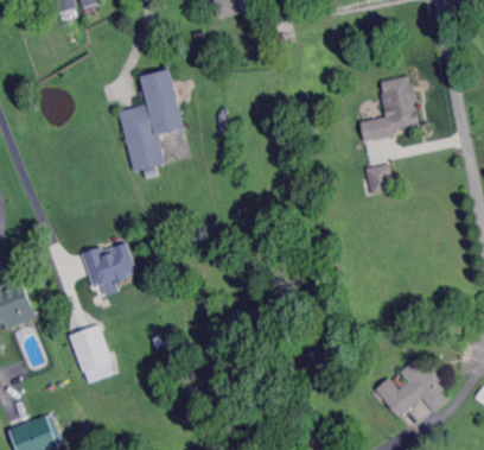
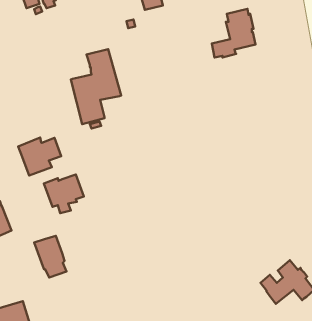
building: [361,75,420,141] -> [212,9,255,57]
building: [367,164,397,195] -> none
building: none -> [18,138,61,175]

